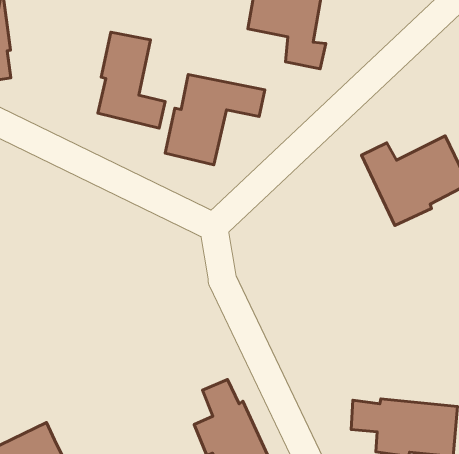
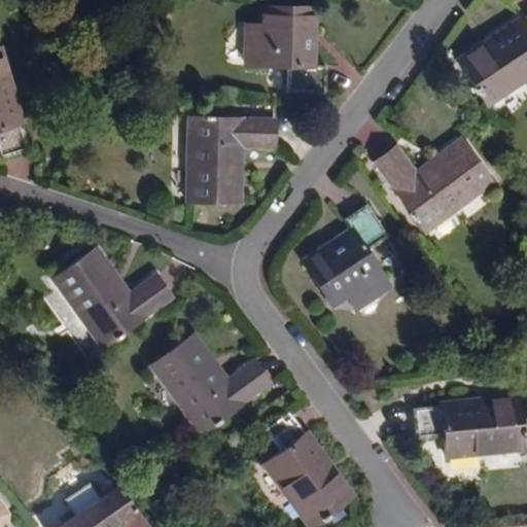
building: [98,32,165,128] -> none
building: none -> [57,248,178,343]
building: none -> [302,208,385,312]
building: none -> [151,332,271,426]

